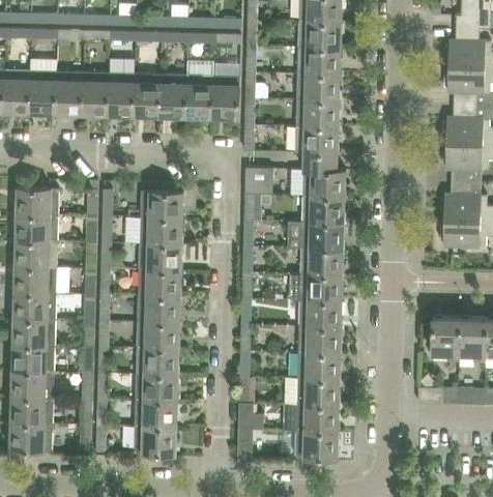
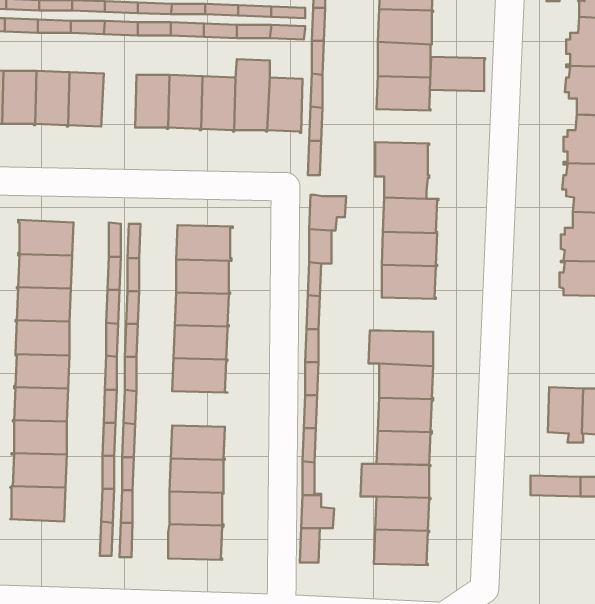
building: [81,72,109,116] -> none
building: [296,100,340,127] -> [430,57,485,91]
building: [300,248,343,275] -> none
building: [137,322,180,350] -> none
building: [8,422,52,450] -> none

